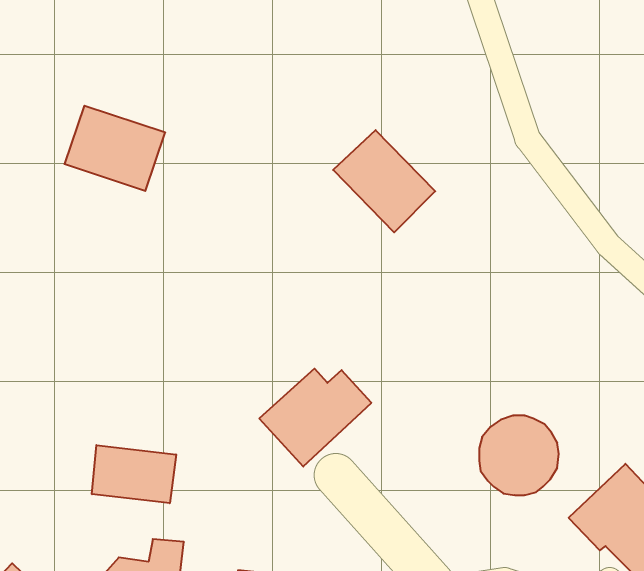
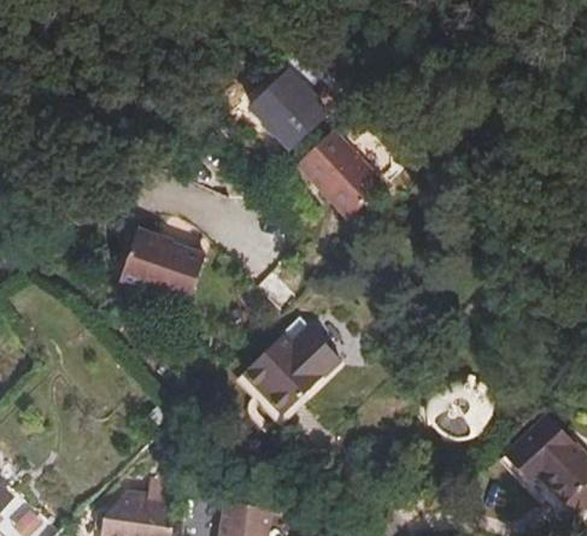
building: none -> [252,63,339,149]
building: [64,106,165,191] -> [117,229,202,301]
building: [92,445,176,503] -> none

